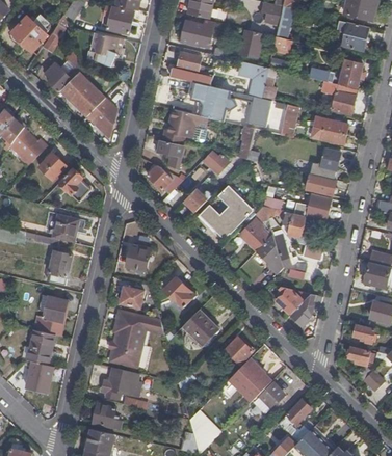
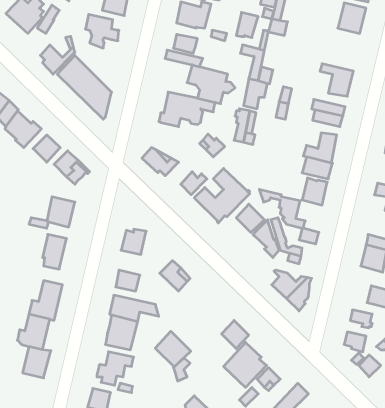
building: [318,59,362,88] -> none
building: [157,139,183,169] -> none
building: [183,309,218,344] -> [155,331,191,367]

